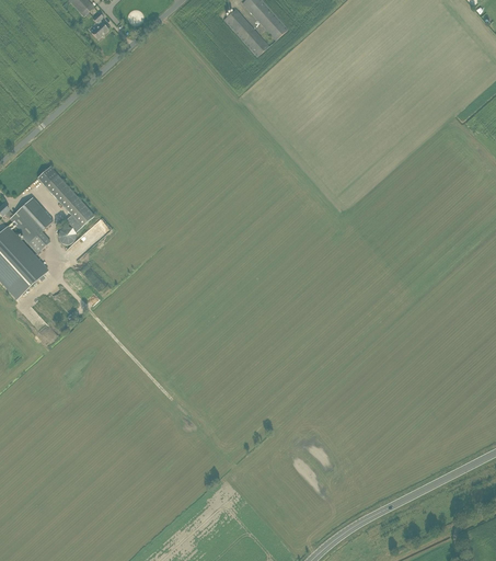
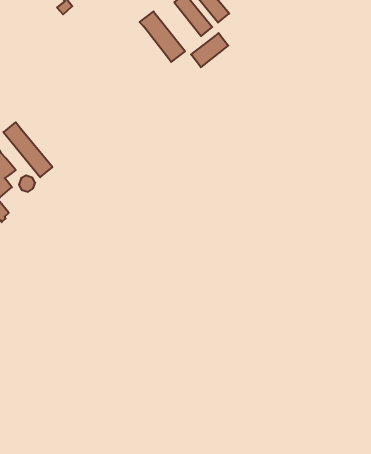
building: none -> [140,11,185,62]
building: none -> [191,33,228,67]

